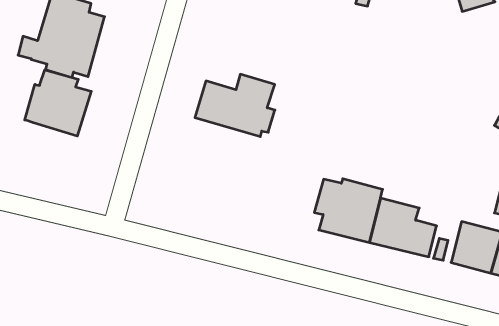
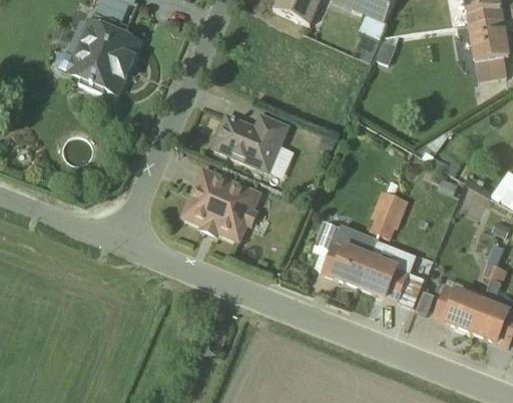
building: [25,70,91,136] -> none
building: none -> [368,188,409,241]
building: none -> [183,169,262,241]

